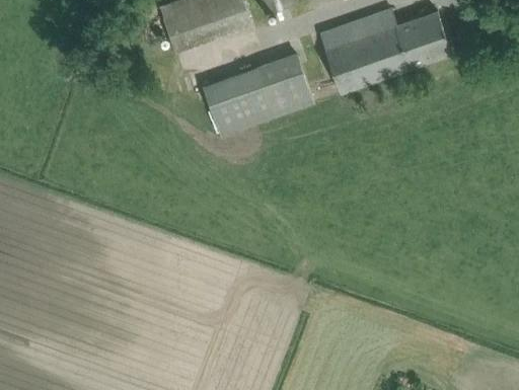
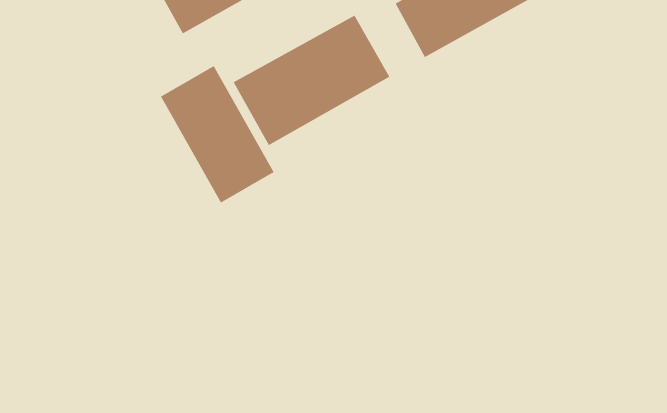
building: none -> [160,65,275,203]

